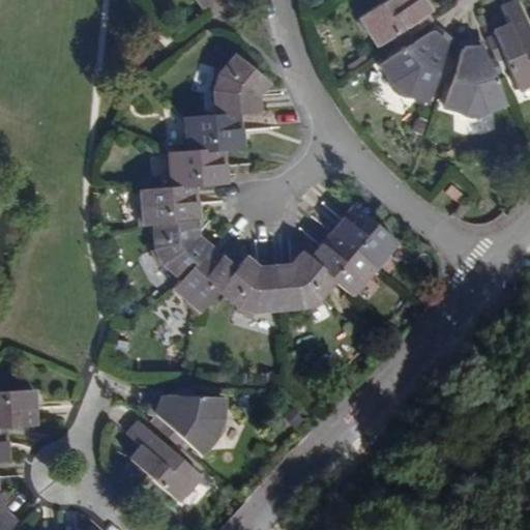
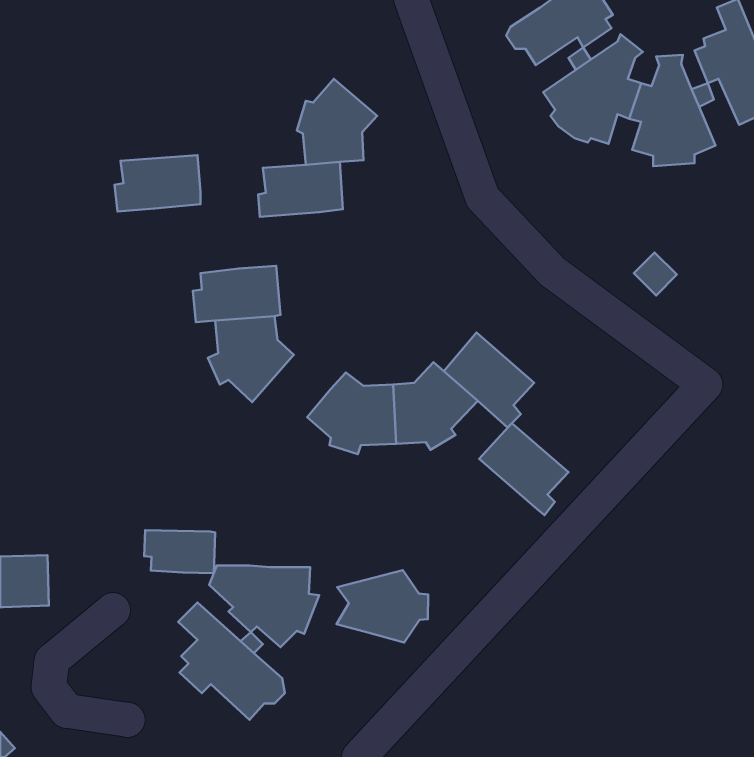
building: [168,148,228,187] -> [114,155,201,211]
building: [335,207,398,271] -> [479,423,568,515]
building: [173,247,234,314] -> none
building: none -> [144,530,215,573]
building: none -> [336,570,428,642]

